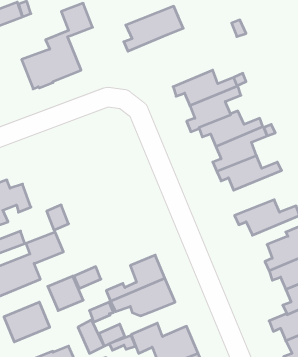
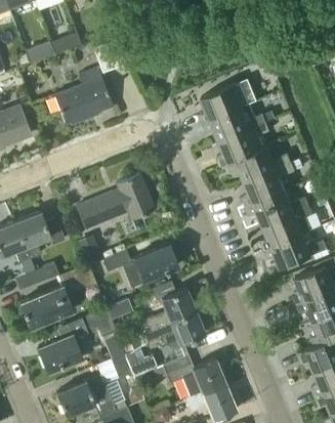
building: [124,6,183,51] -> [199,78,257,122]
building: none -> [77,174,156,229]
building: none -> [260,204,312,248]
building: none -> [101,244,179,287]

